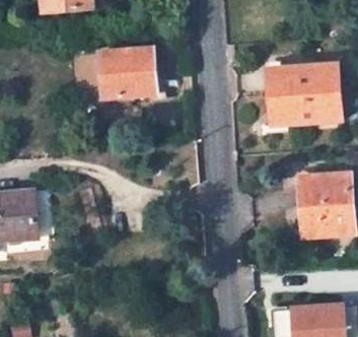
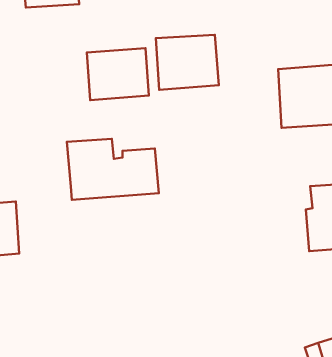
building: none -> [156,35,219,90]
building: none -> [67,139,159,200]

